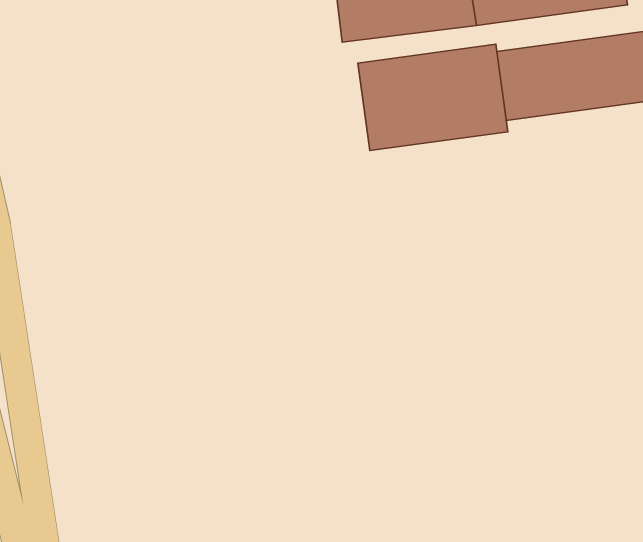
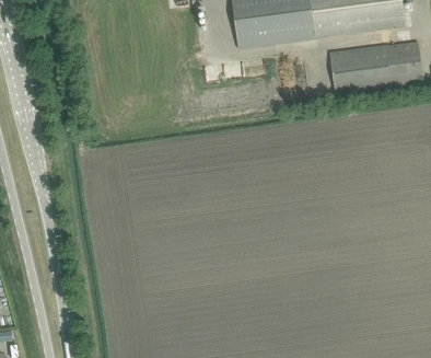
building: [358,44,508,150] -> none

